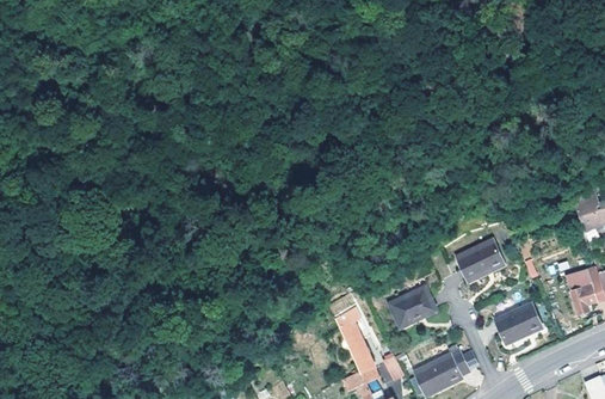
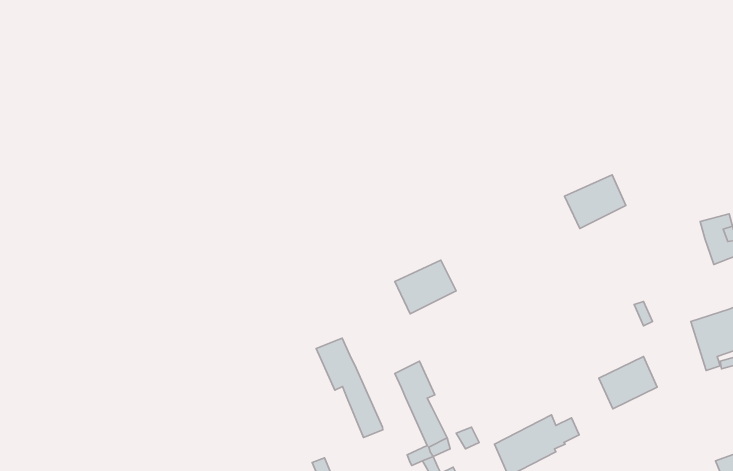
building: [455,240,502,282] -> [565,175,626,228]
building: [388,286,436,327] -> [395,260,456,314]
building: none -> [316,338,383,437]

